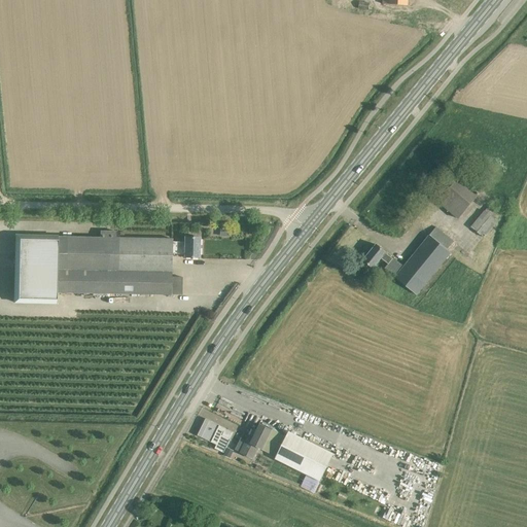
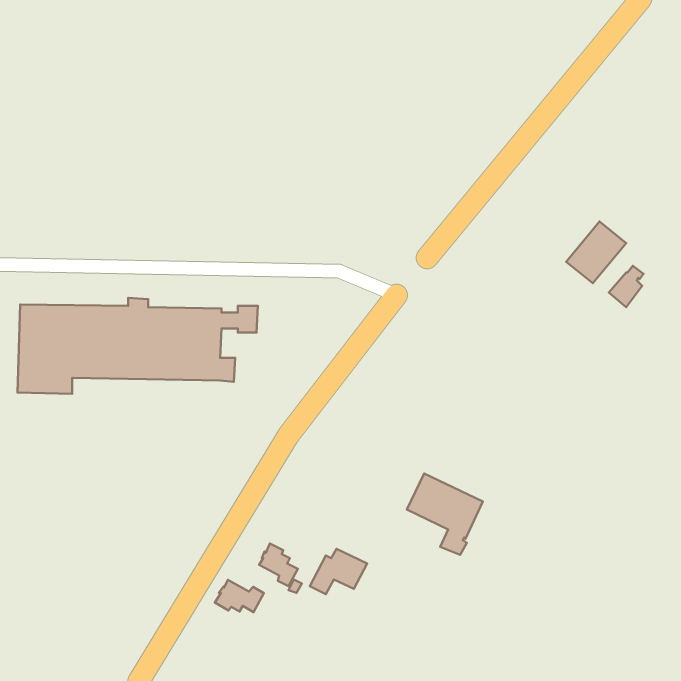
building: [361,225,453,294] -> none
building: [274,430,332,493] -> [407,474,483,555]
building: none -> [215,580,264,612]

